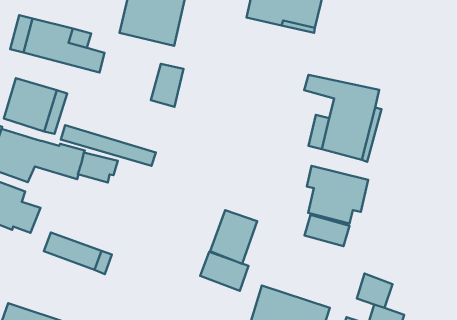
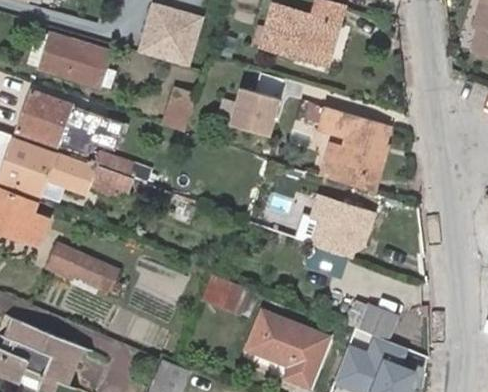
building: none -> [228,89,281,139]
building: [210,210,257,264] -> none

